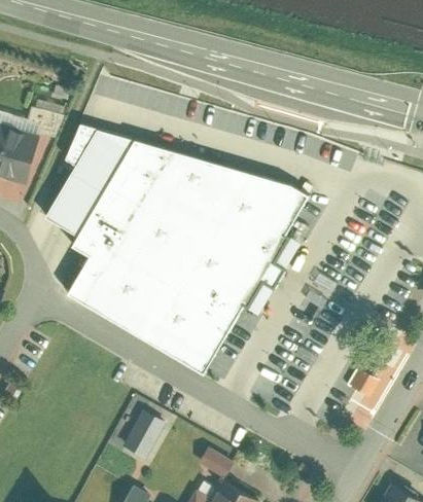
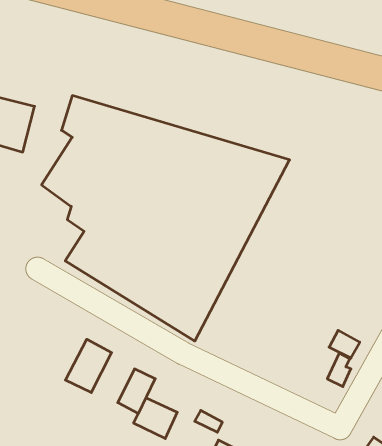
building: none -> [65,339,112,393]
building: none -> [134,398,177,439]

